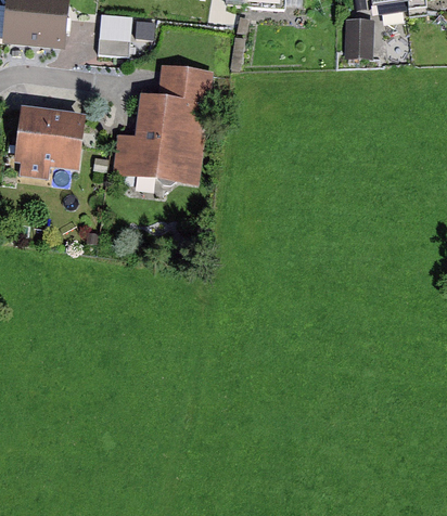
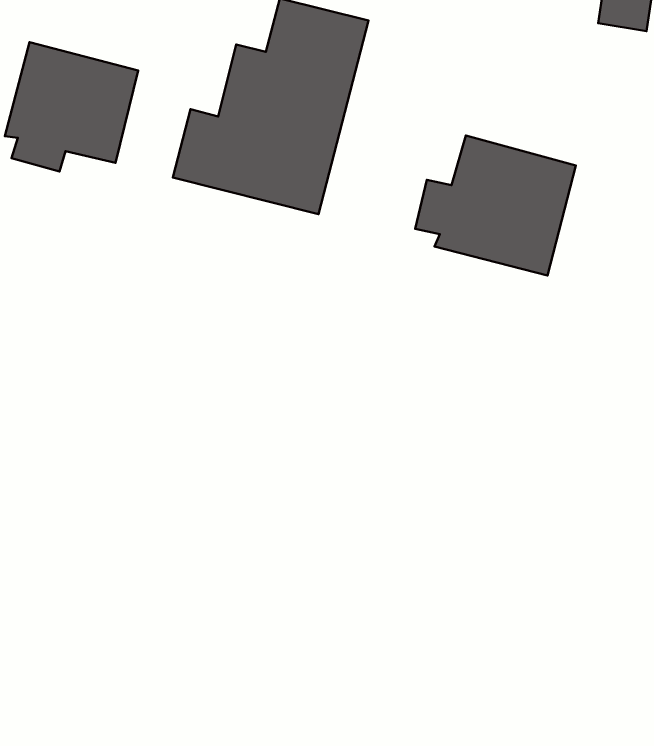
building: none -> [415,135,576,276]

